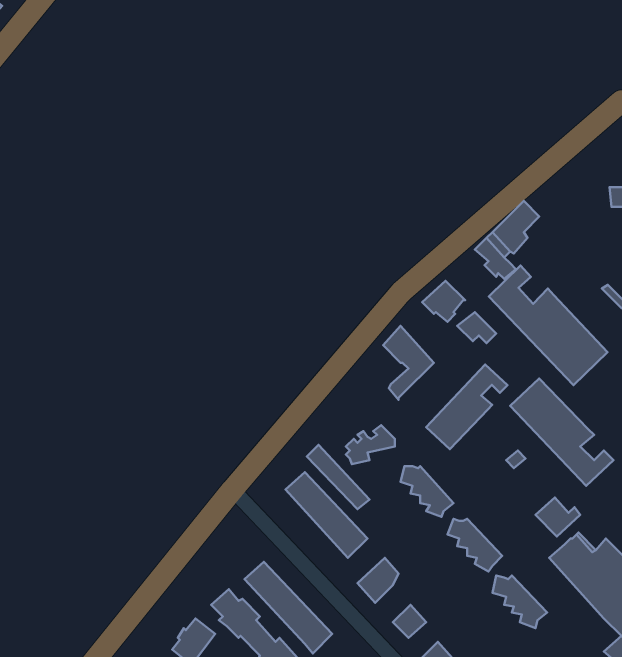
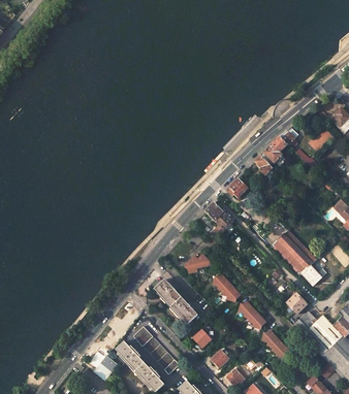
building: [489,266,607,385] -> none
building: [426,365,507,449] -> none

